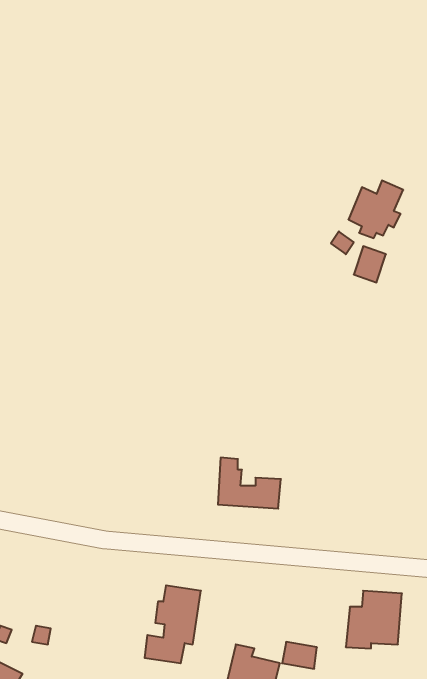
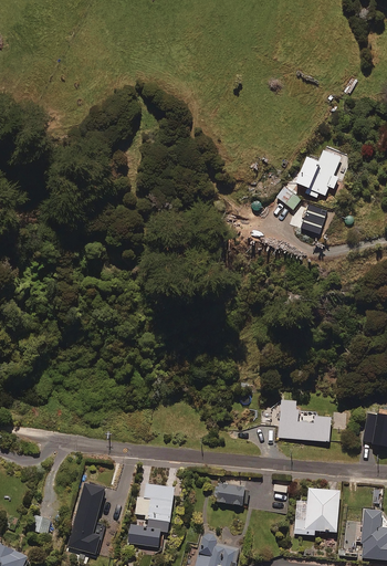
building: [218,458,281,509] -> [279,399,331,441]
building: none -> [67,483,104,554]
building: [282,642,317,669] -> [216,483,244,505]

